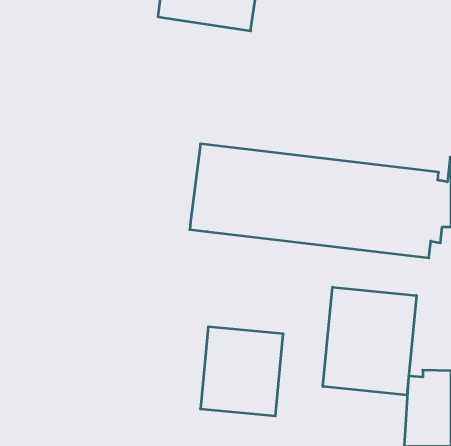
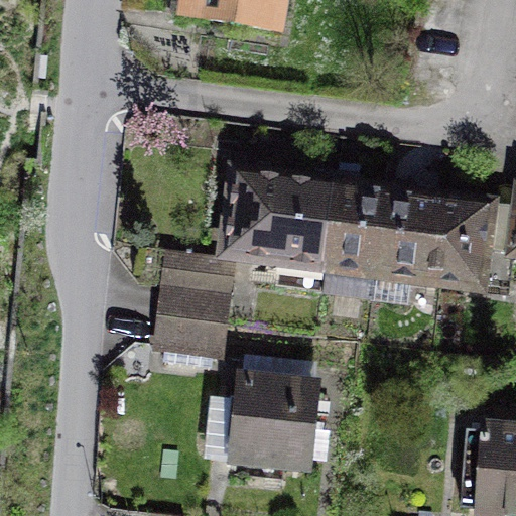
building: none -> [151,247,236,359]
building: [323,287,416,395] -> none

